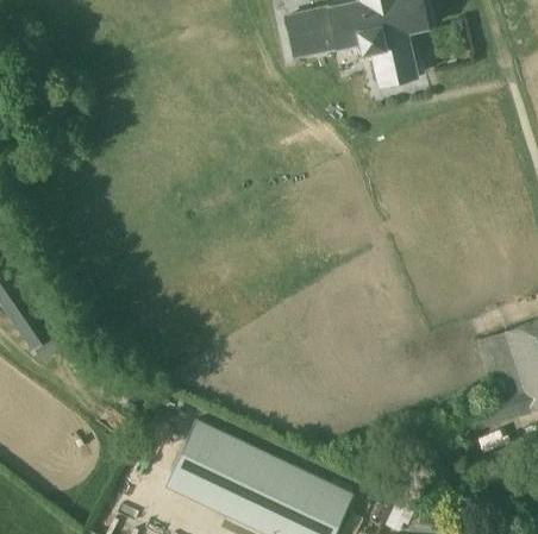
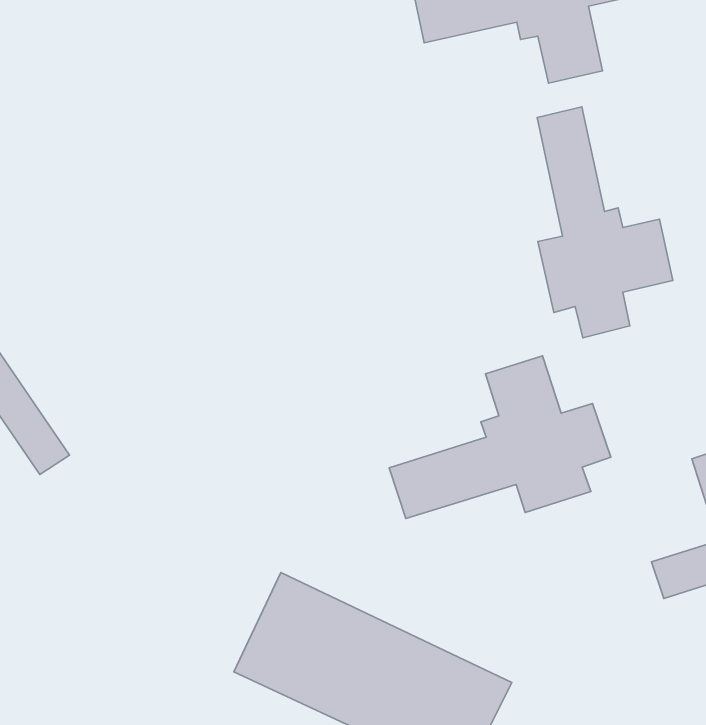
building: none -> [537,107,673,338]
building: none -> [389,356,611,519]

